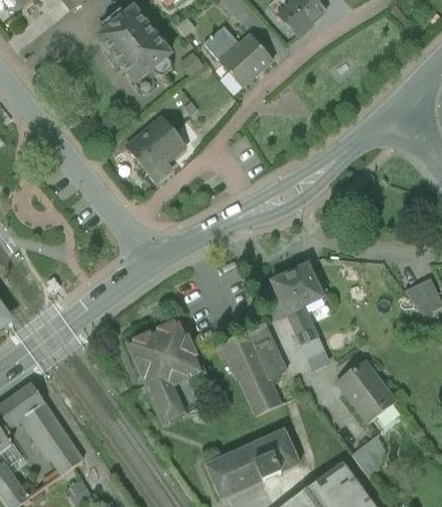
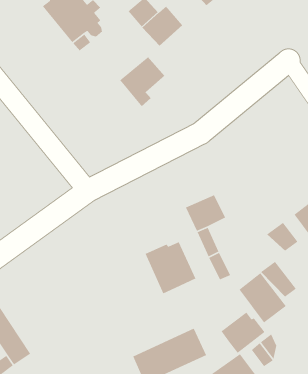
building: [127,118,183,180] -> [119,56,165,107]
building: none -> [266,222,298,252]
building: [127,316,203,423] -> none
building: none -> [260,261,297,297]
building: [245,379,278,413] -> none
building: none -> [220,311,265,354]

